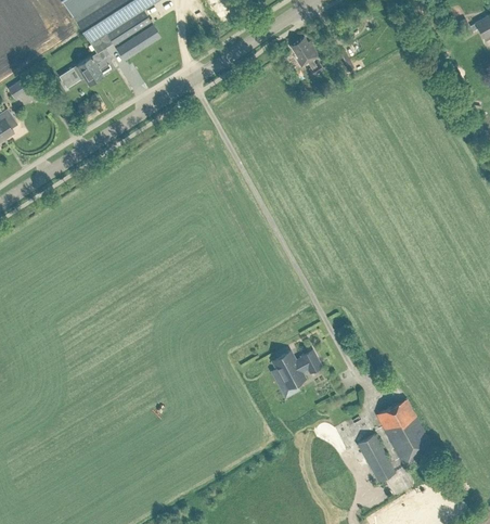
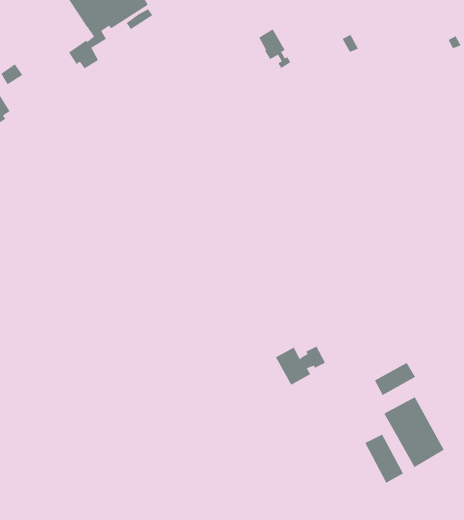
building: [291,37,322,76] -> [258,28,291,69]
building: none -> [374,362,416,396]

